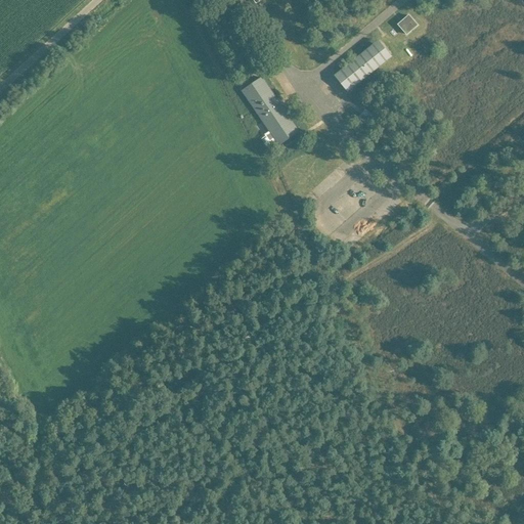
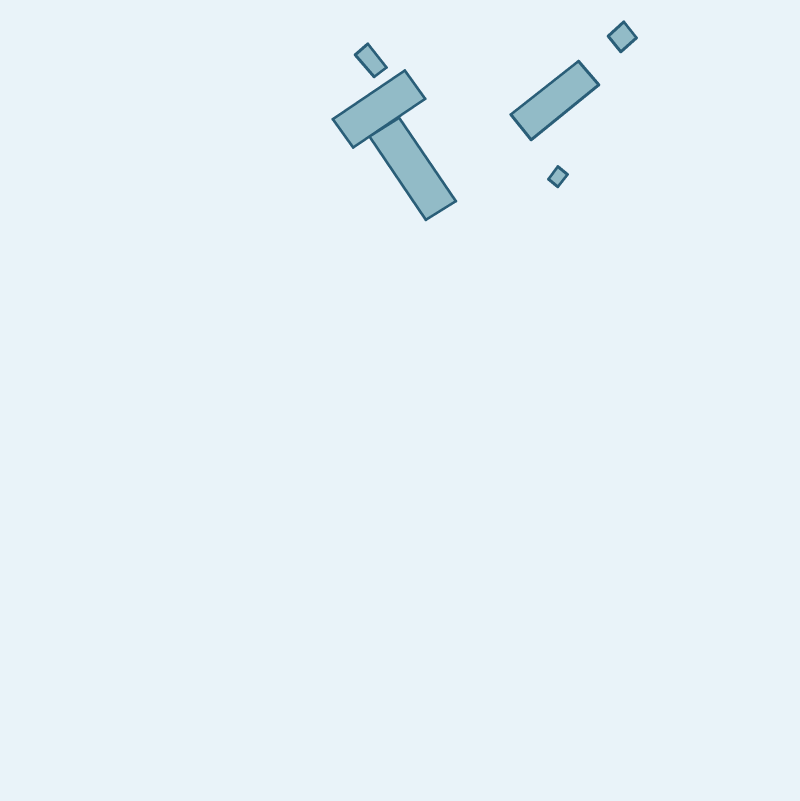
building: none -> [333,70,425,148]

